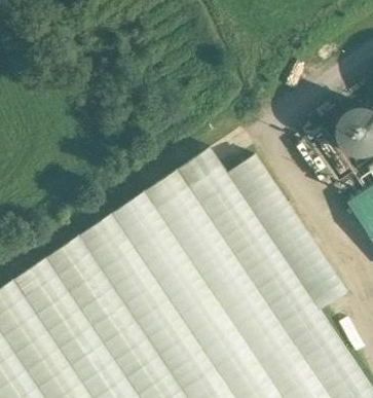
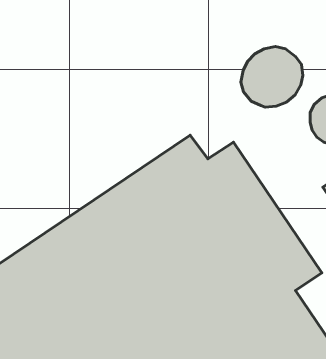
building: none -> [241,46,303,107]

